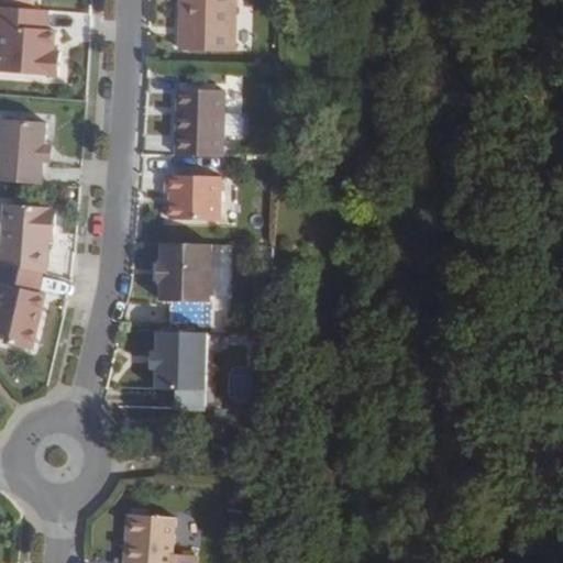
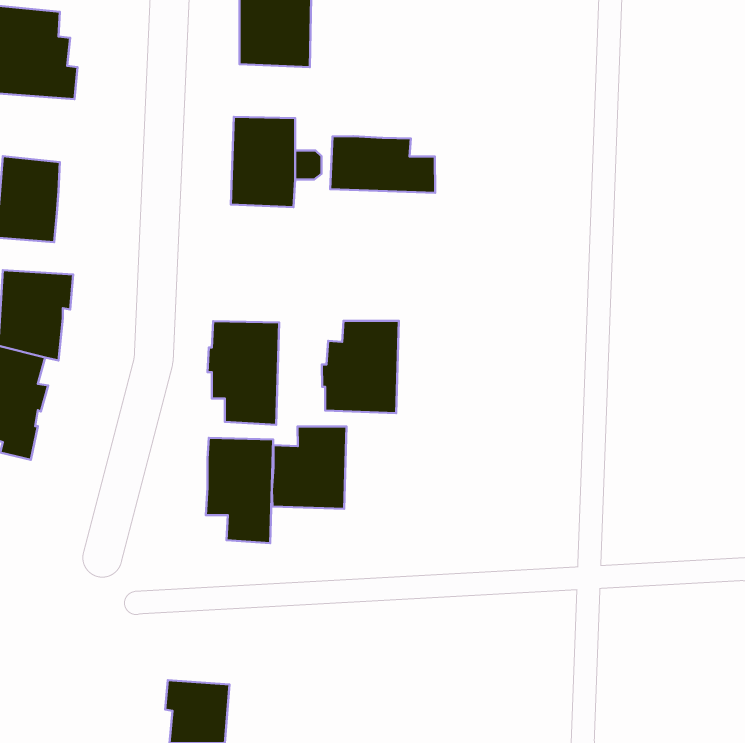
building: none -> [330,136,435,193]
building: [165,175,219,220] -> none
building: none -> [322,321,399,413]
building: none -> [272,426,347,509]

